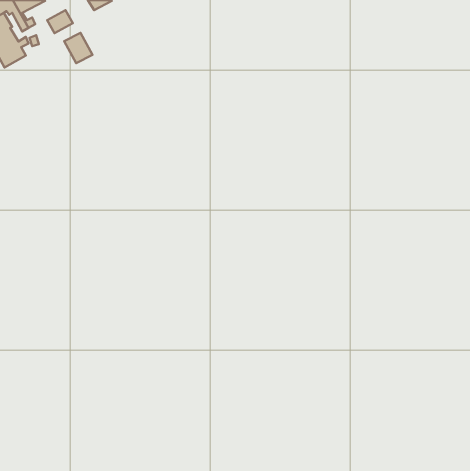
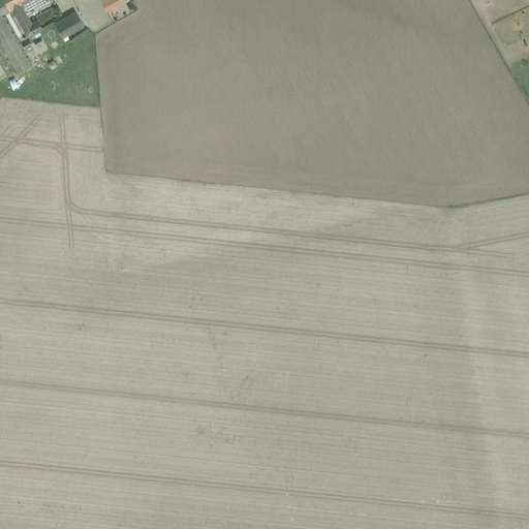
building: [64,33,92,63] -> none

